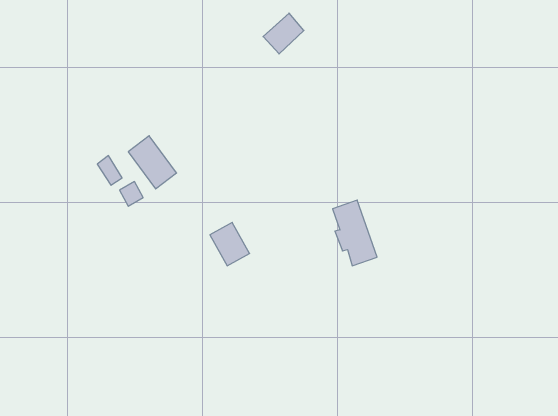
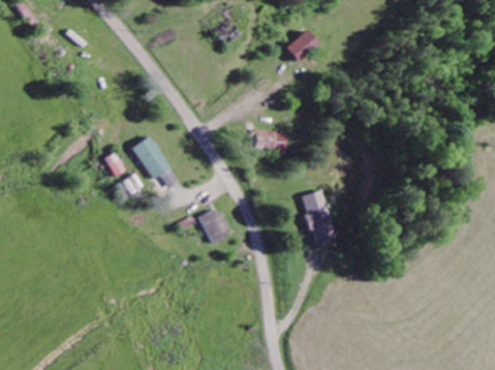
building: [263,13,304,54] -> [285,29,319,63]
building: none -> [253,130,284,152]

